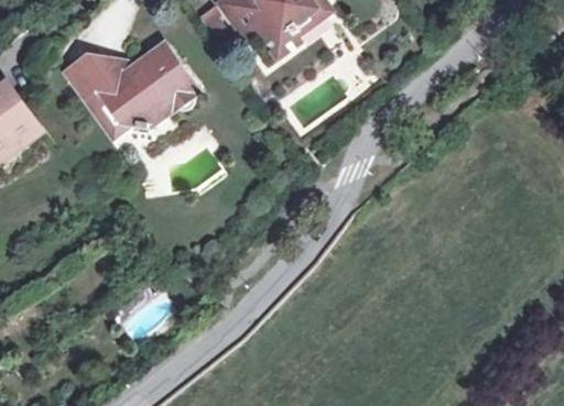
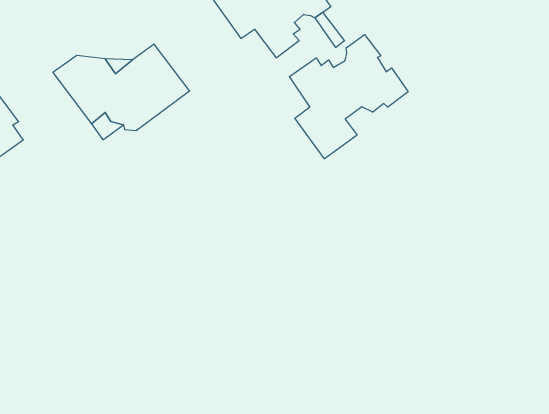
building: none -> [289,35,408,159]

